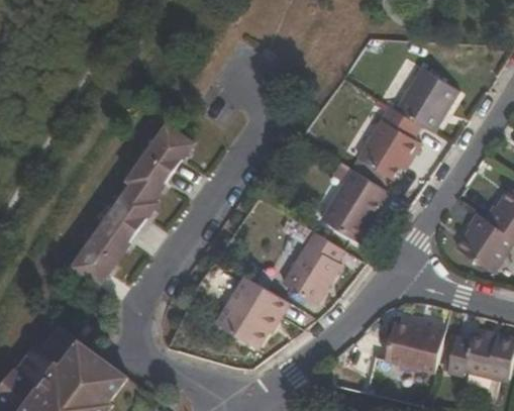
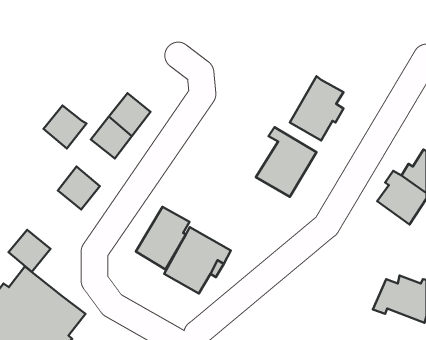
building: [392,68,455,131] -> none
building: [115,182,164,230] -> [44,106,86,148]
building: [282,233,342,304] -> [136,207,189,269]
building: [73,235,120,283] -> [9,230,50,272]
building: [388,318,451,374] -> none

